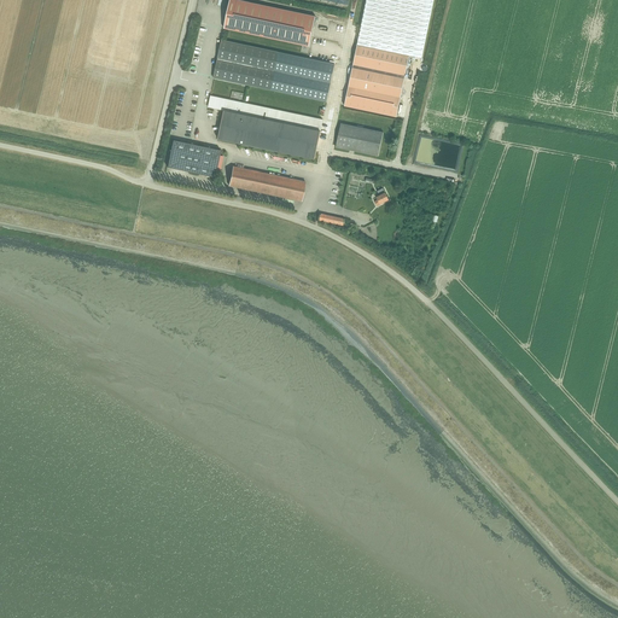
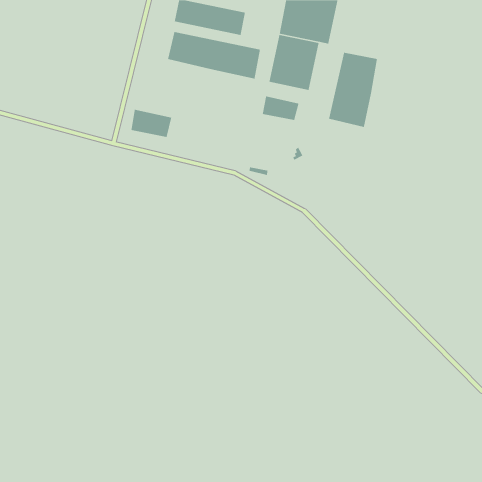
building: none -> [328,52,378,128]
building: [206,95,321,158] -> none
building: [228,165,304,200] -> none

